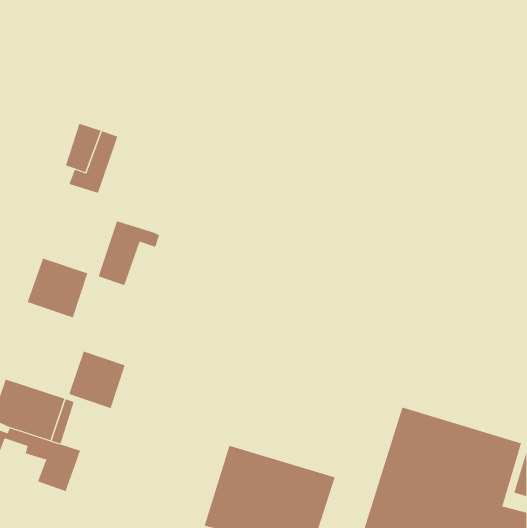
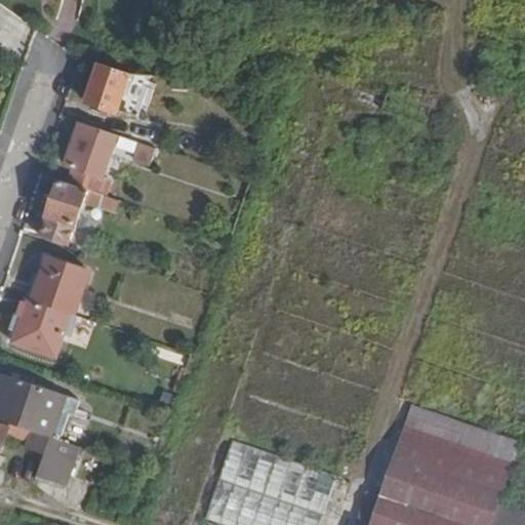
building: none -> [85,65,152,121]
building: [98,221,160,286] -> [40,180,102,245]
building: [69,351,126,409] -> [12,300,69,358]

